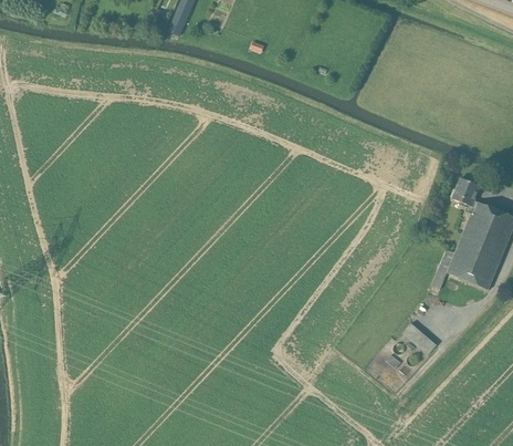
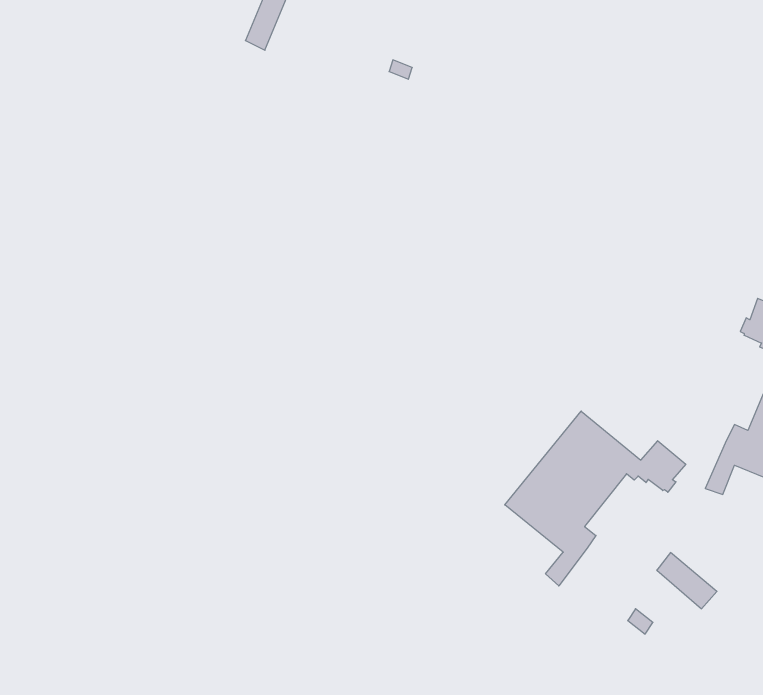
building: none -> [505,411,686,586]

